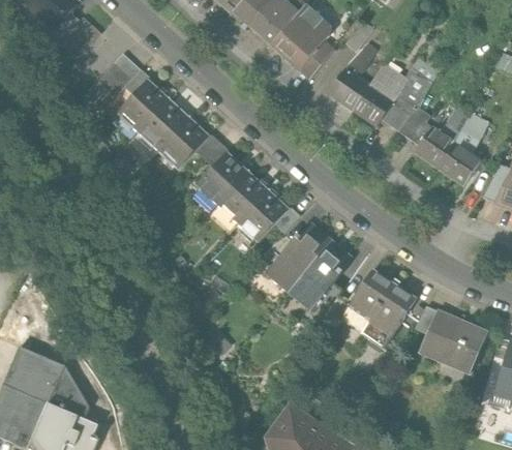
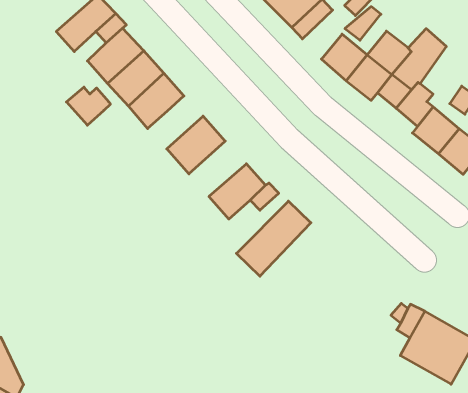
building: [194,133,230,168] -> none
building: none -> [66,87,110,125]
building: [218,174,269,224] -> none
building: [290,240,352,308] -> none
building: [349,269,417,335] -> none

